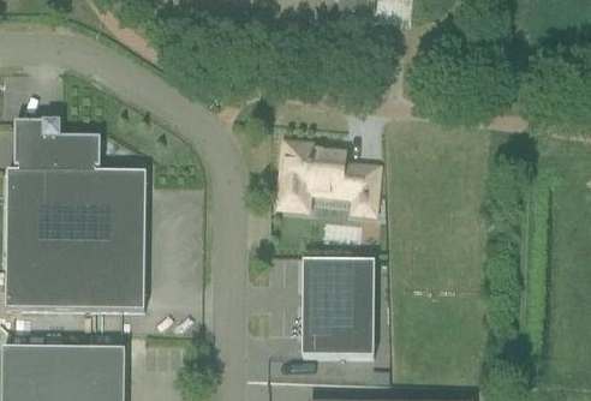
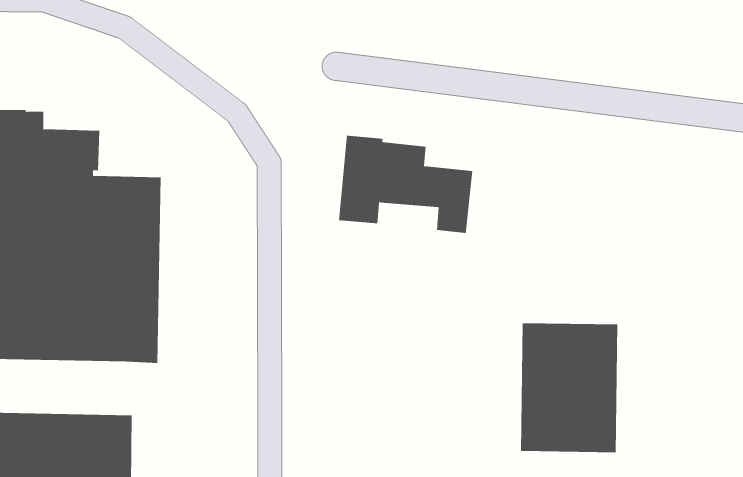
building: [300,257,374,354] -> [520,323,618,453]

